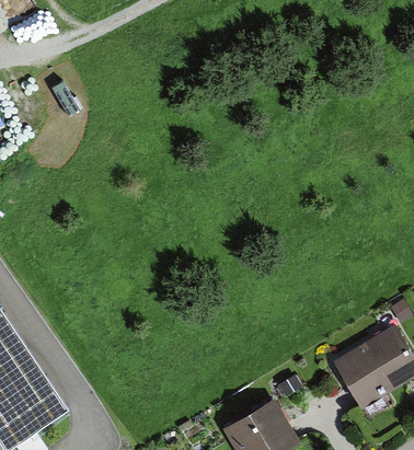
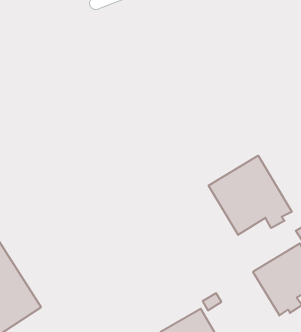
building: none -> [209,156,292,235]

